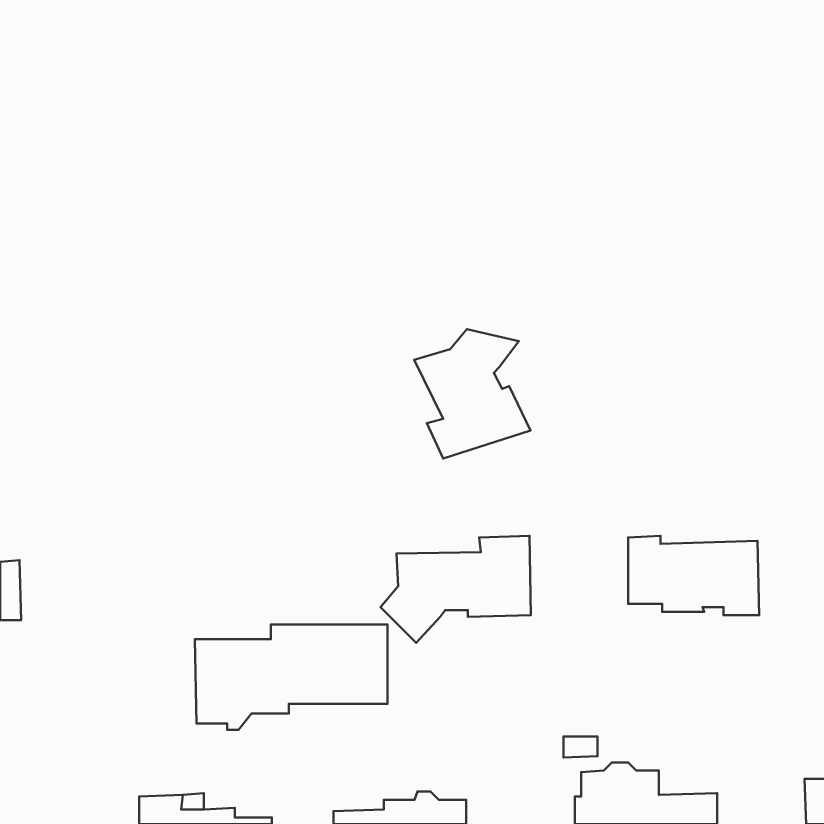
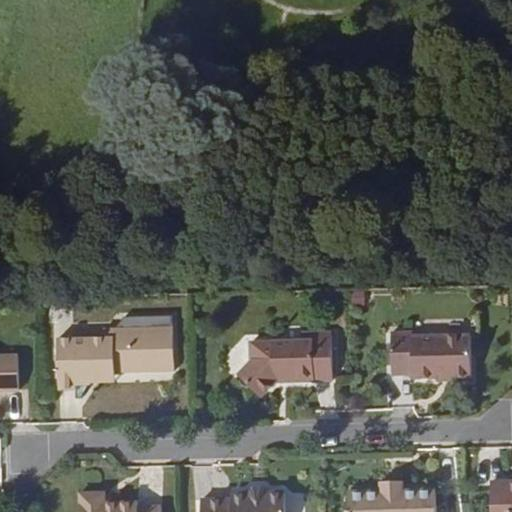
building: [414,329,530,458] -> none
building: [195,625,387,730] -> [54,329,173,394]

